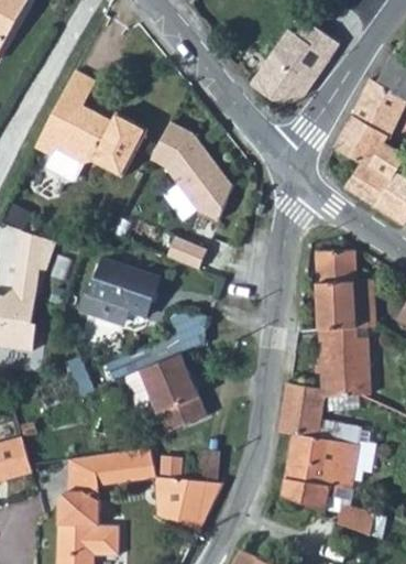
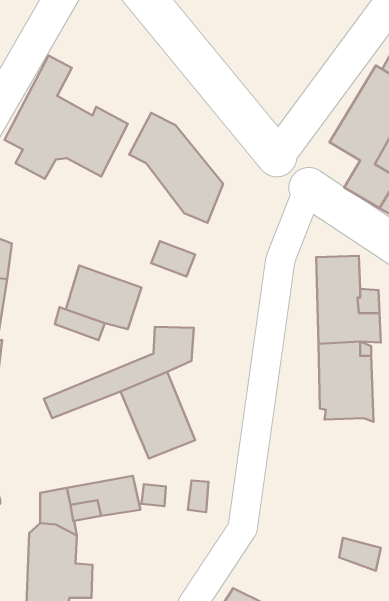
building: [249,23,338,101] -> none
building: [279,381,358,509] -> none
building: [156,477,222,531] -> none

